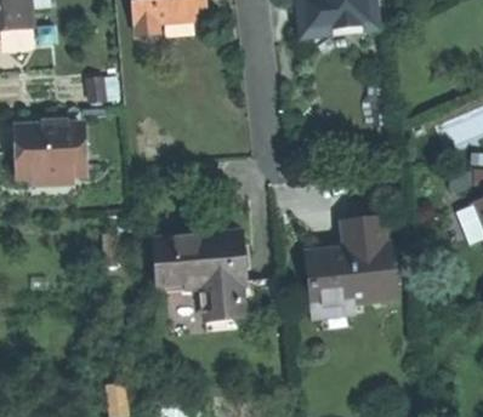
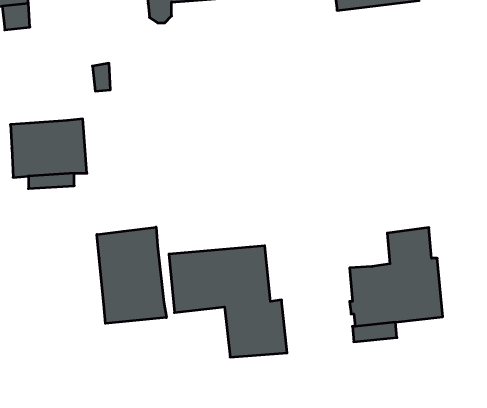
building: none -> [97,227,166,323]

